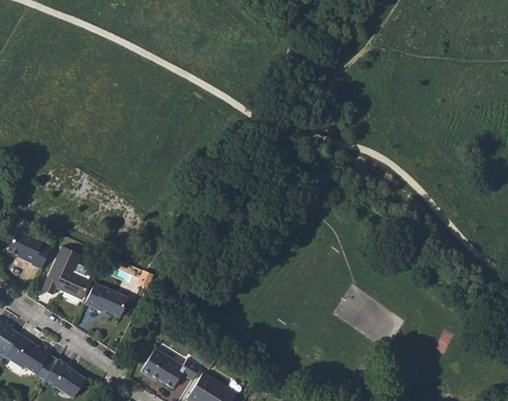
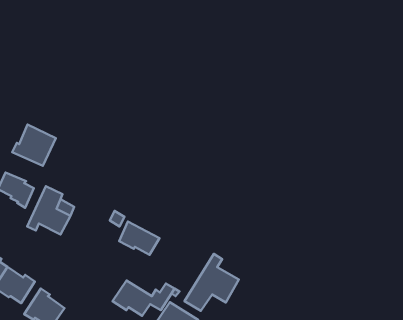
building: none -> [12,125,56,166]
building: [86,280,130,317] -> [119,221,159,255]
building: none -> [185,254,239,311]

